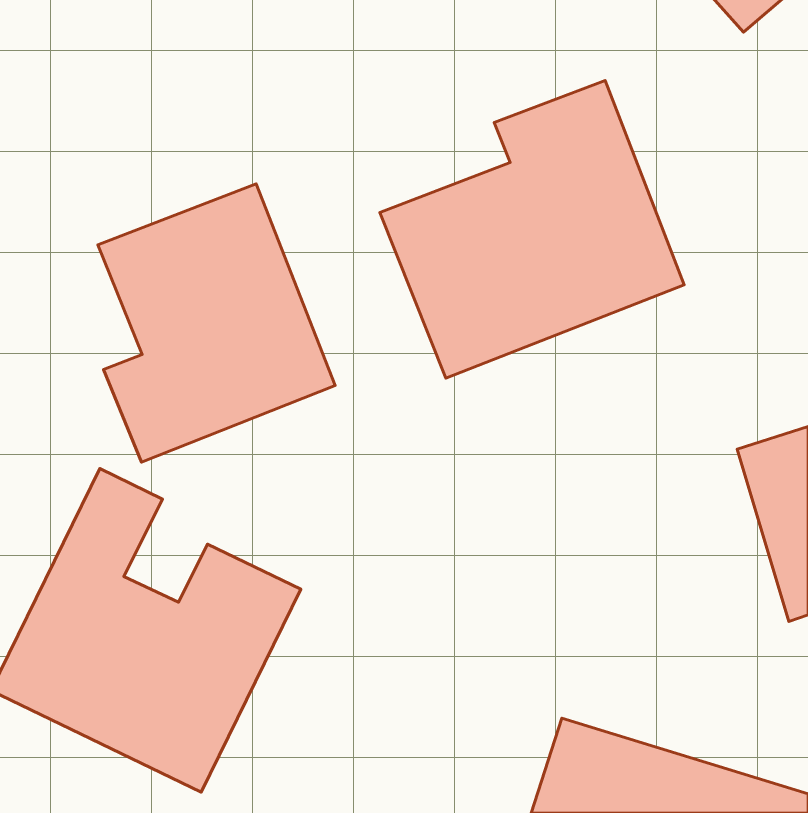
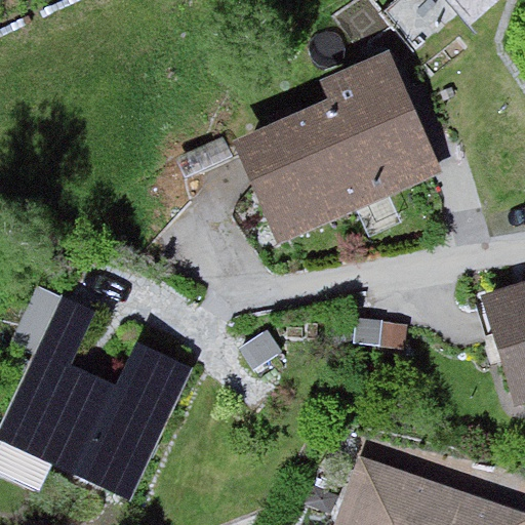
building: [98,184,335,462] -> none

